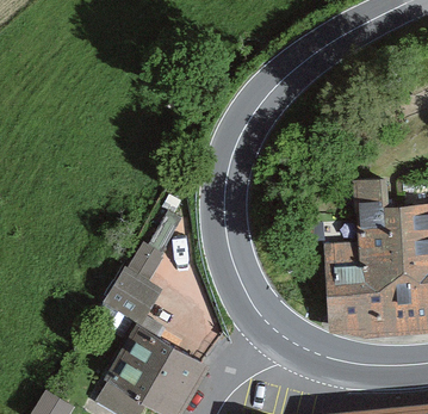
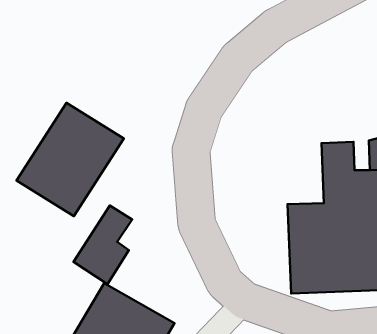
building: none -> [17,103,124,216]

